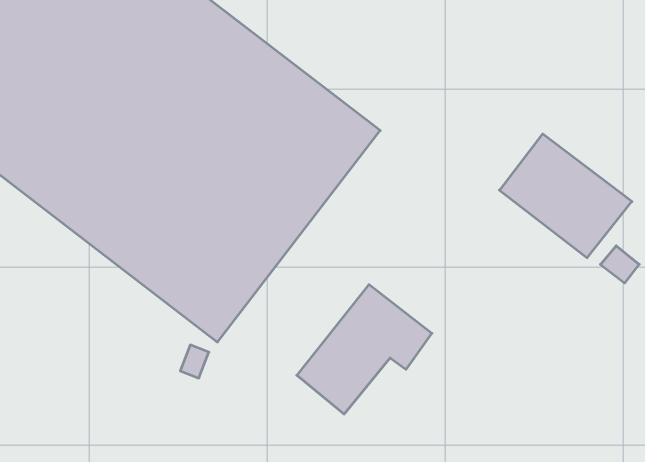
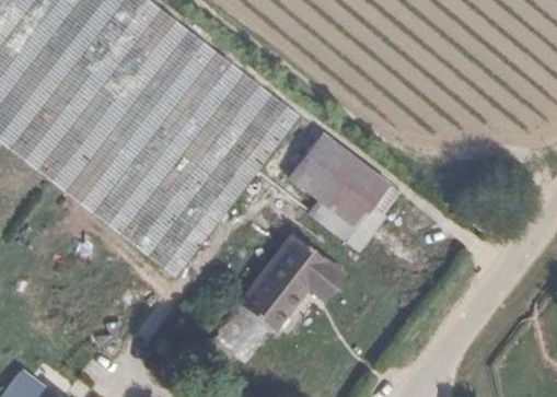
building: [499,134,632,258] -> [287,132,387,226]

